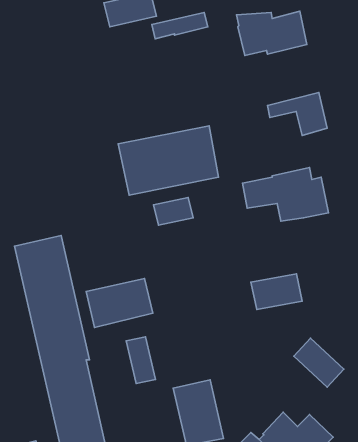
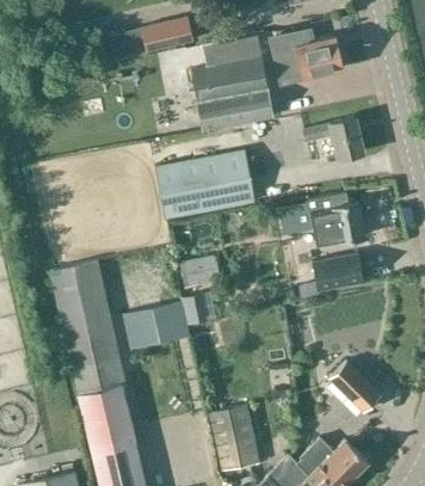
building: none -> [191,57,272,131]
building: [154,198,193,225] -> [180,258,220,285]
building: [251,274,302,310] -> [312,254,363,290]
building: [126,337,155,384] -> none

